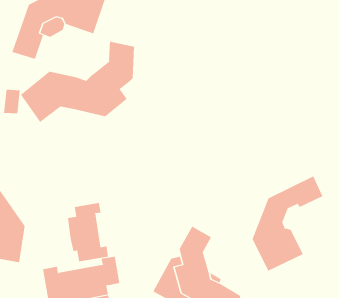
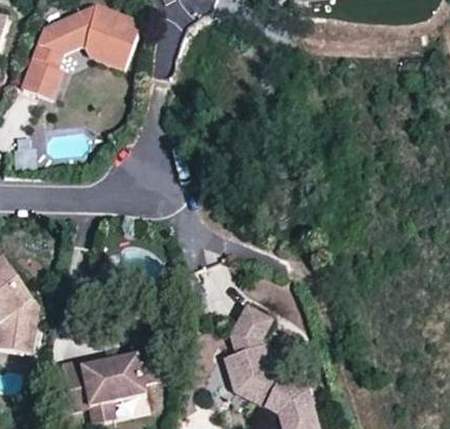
building: [20,41,134,123] -> none
building: [252,176,323,271] -> none
building: [67,202,108,262] -> none

